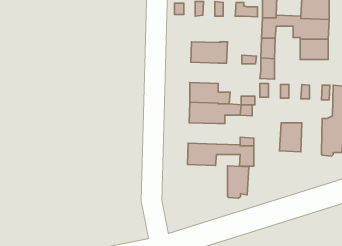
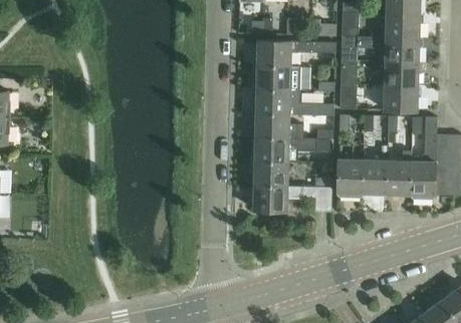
building: none -> [258,40,334,66]
building: none -> [385,86,419,111]
building: none -> [256,89,333,115]
building: none -> [387,150,412,195]
building: none -> [254,160,288,186]
building: [228,166,249,198] -> [338,159,364,198]

